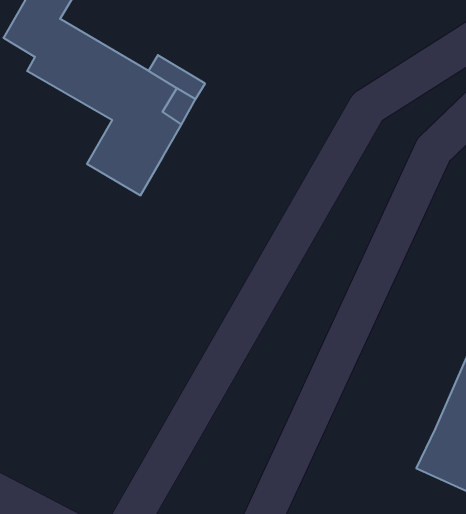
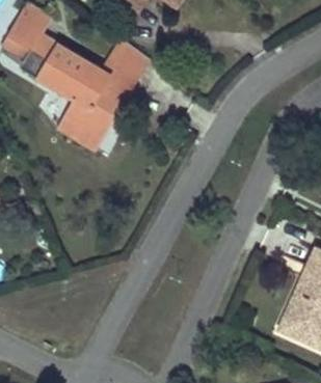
building: none -> [105,36,146,77]

